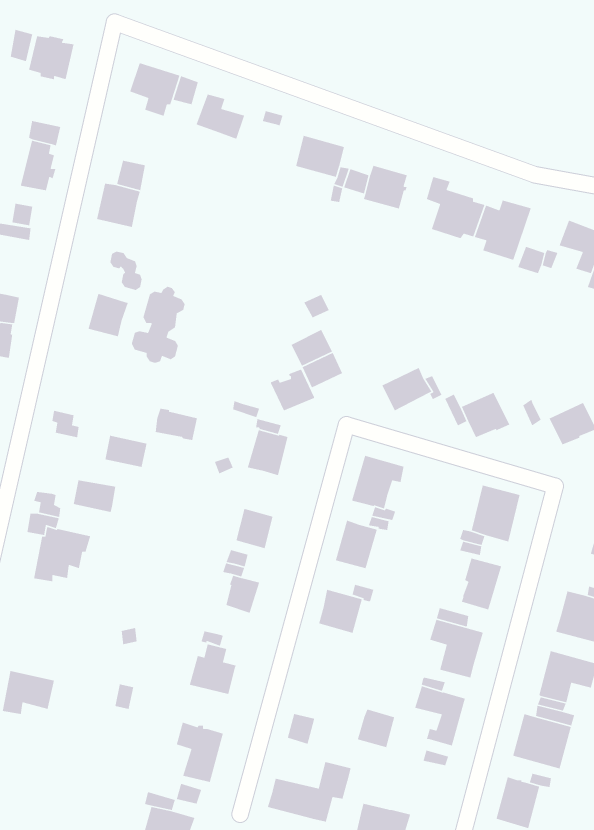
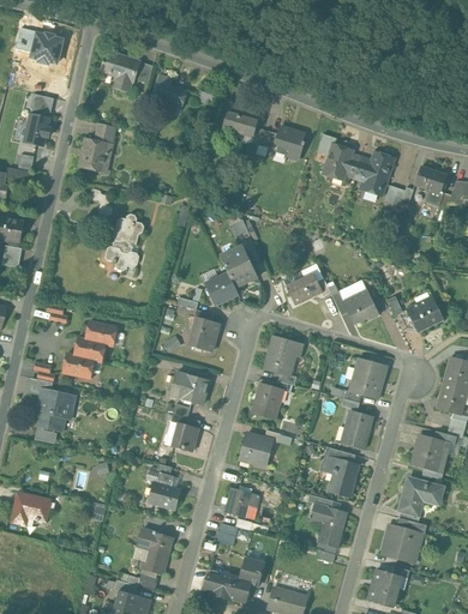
building: [87,293,129,337] -> none
building: [155,408,198,441] -> [74,337,106,361]
building: [357,708,395,748] -> [224,488,252,517]

